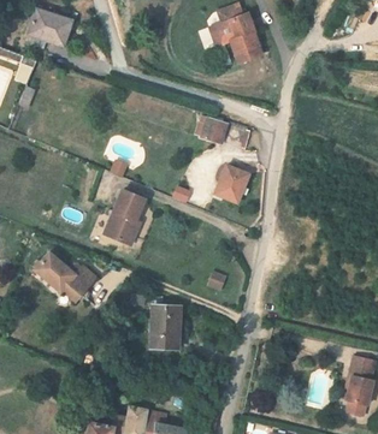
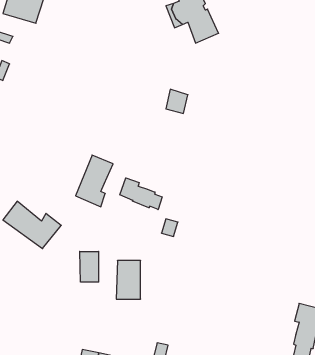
building: [218,165,252,202] -> none
building: none -> [120,178,162,210]
building: none -> [80,251,99,282]

